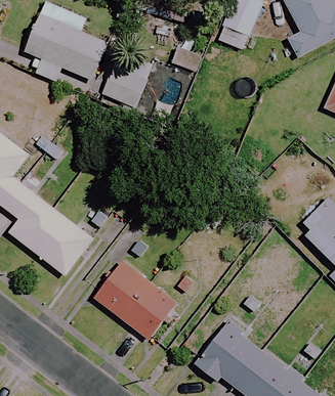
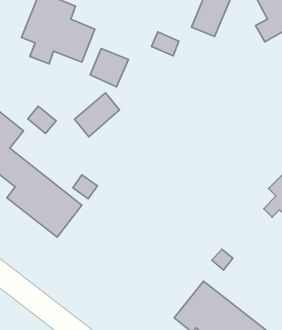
building: none -> [74,93,120,137]
building: [95,261,177,340] -> none

